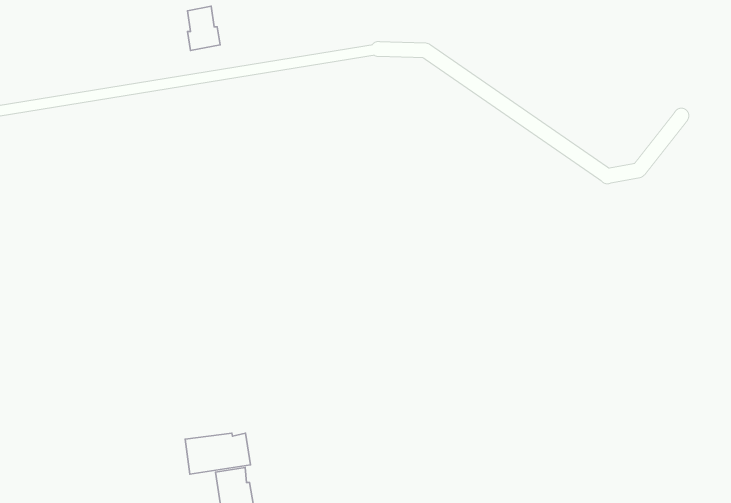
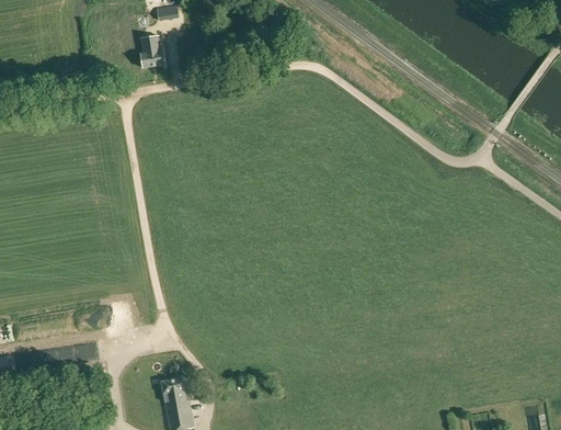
building: [185,433,250,474] -> none

